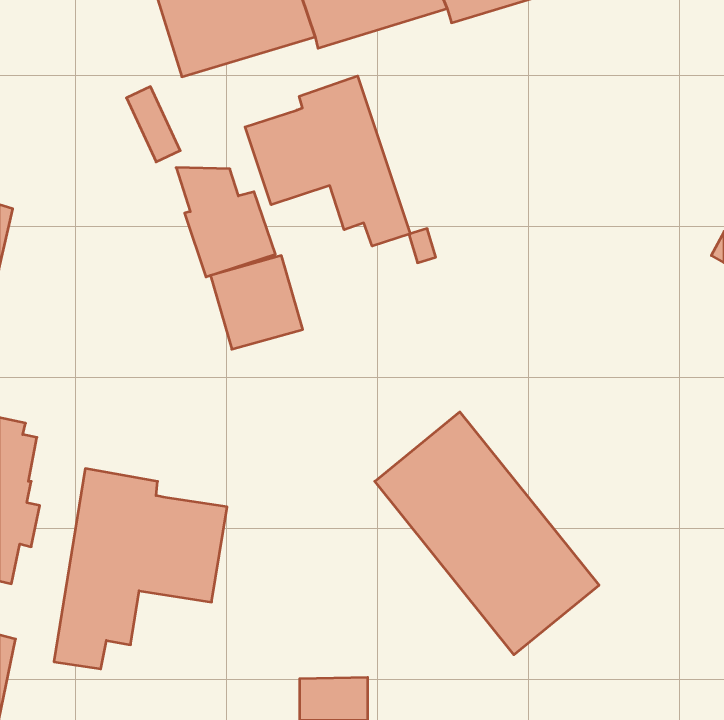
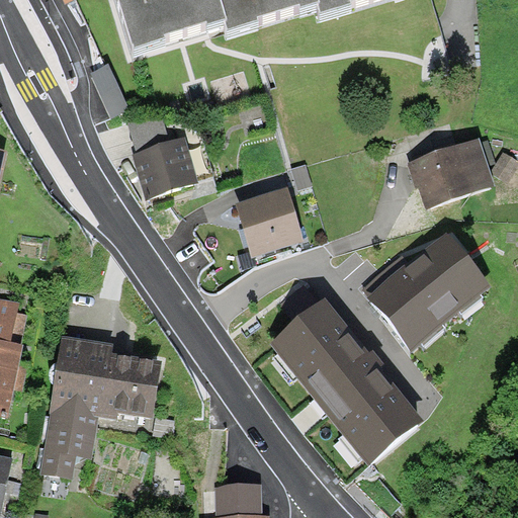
building: [245,76,410,246] -> none
building: none -> [408,138,494,204]
building: [210,256,303,349] -> [236,187,301,254]
building: none -> [365,228,492,353]

